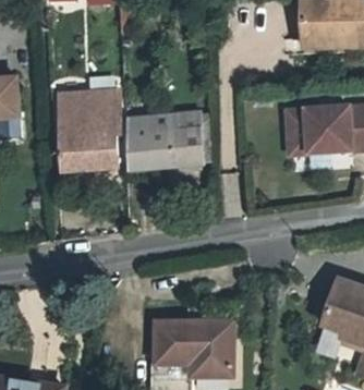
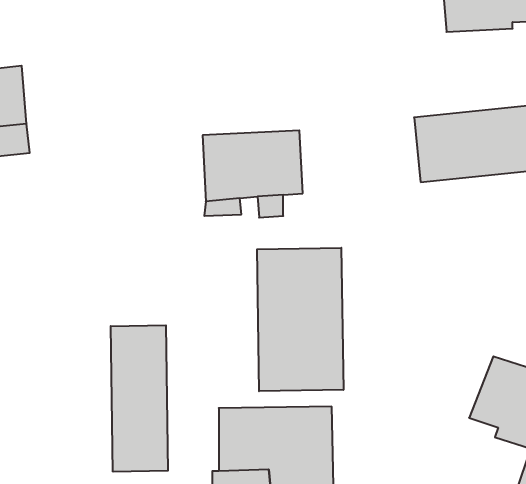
building: [61,93,121,172] -> none
building: none -> [257,248,343,391]
building: none -> [111,325,168,472]

